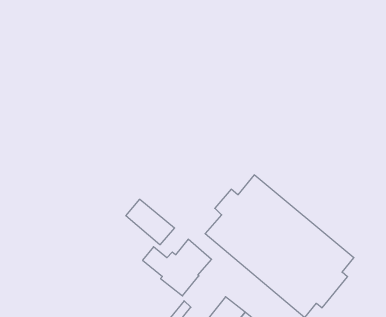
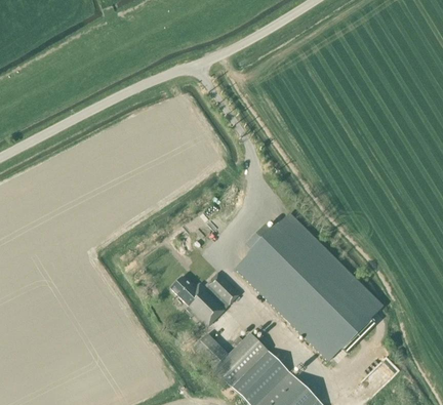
building: [126,199,175,245] -> none

